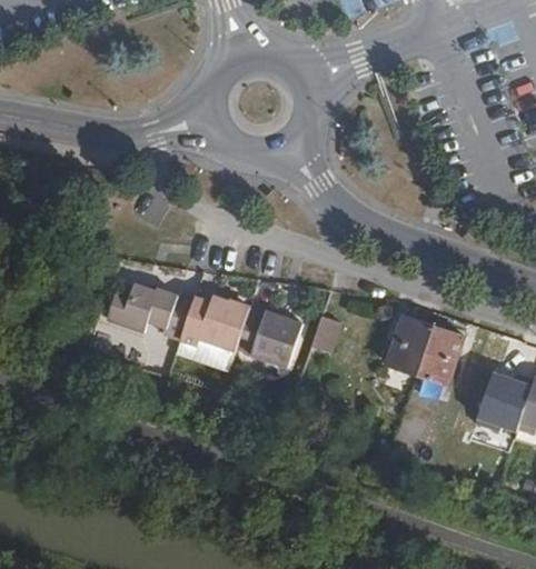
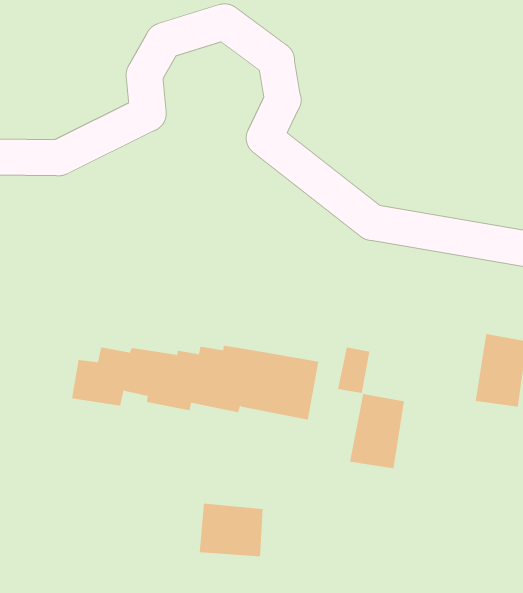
building: [381,312,431,373] -> [349,394,405,469]
building: none -> [199,503,263,557]

